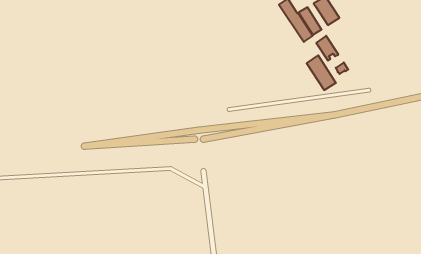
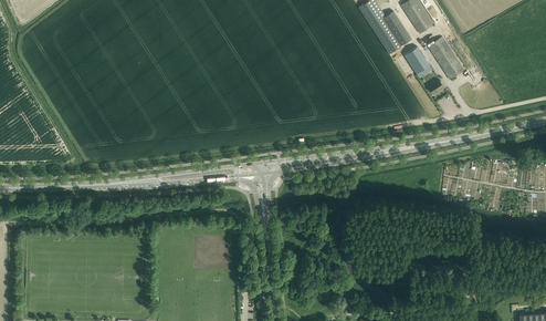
building: [307,55,336,90] -> [428,37,464,80]

